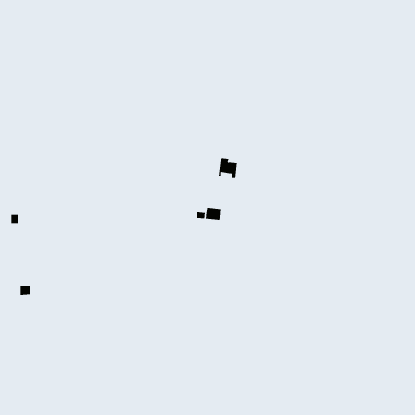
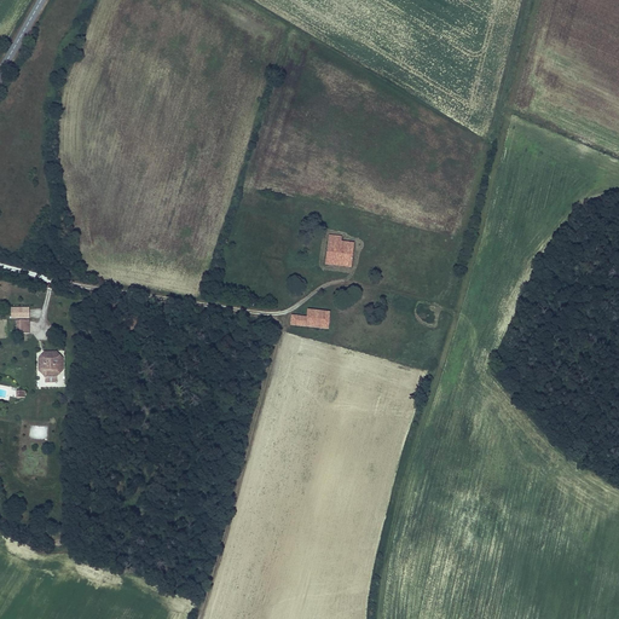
building: none -> [37,351,63,381]

